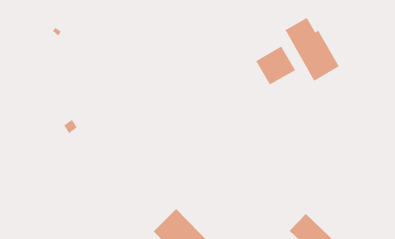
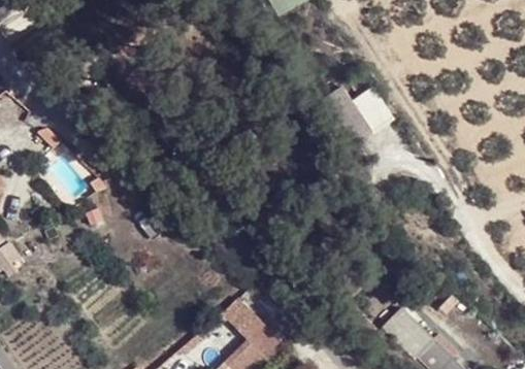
building: [285,17,340,82] -> none

